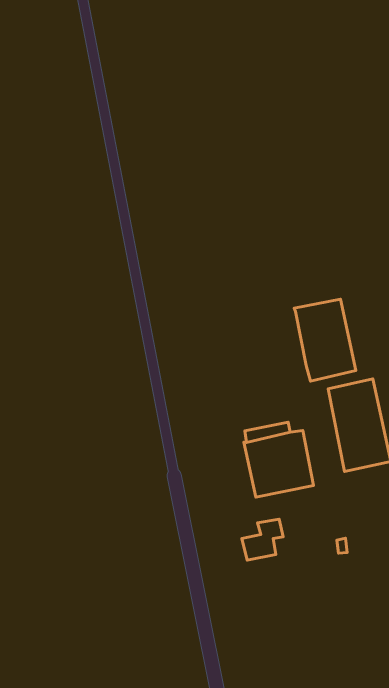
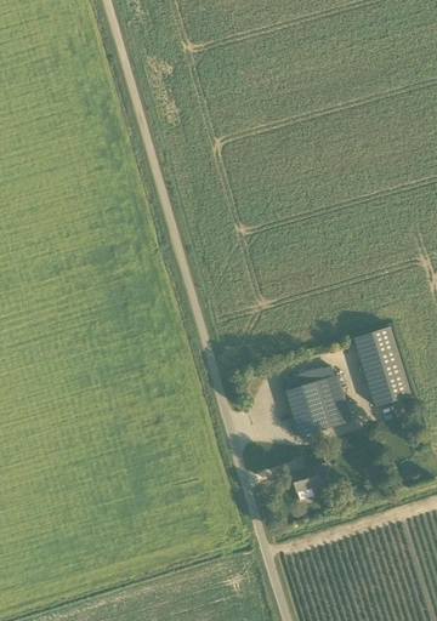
building: [294,299,356,381] -> none

